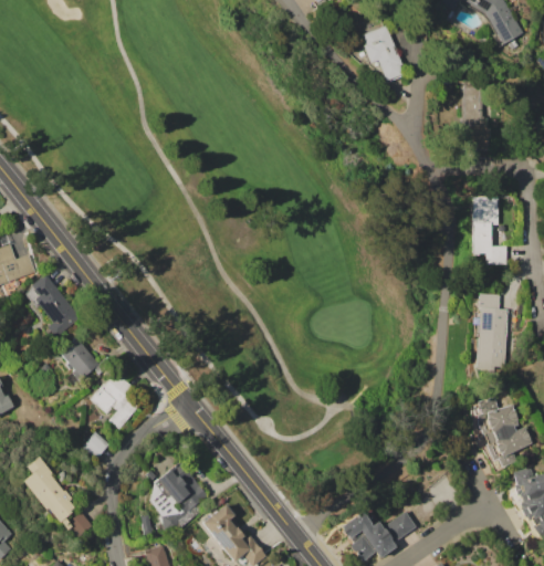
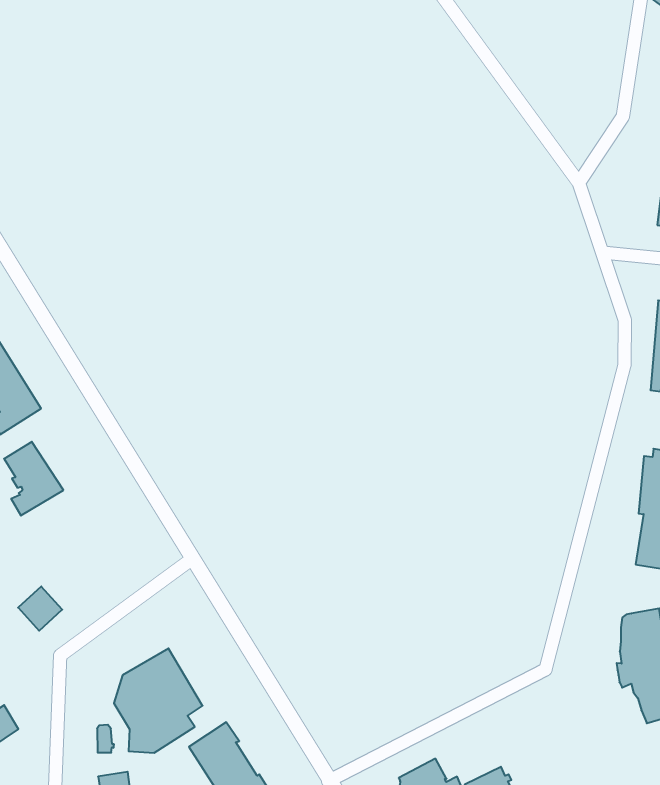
building: [363,24,407,84] -> none
building: [90,370,146,429] -> none

